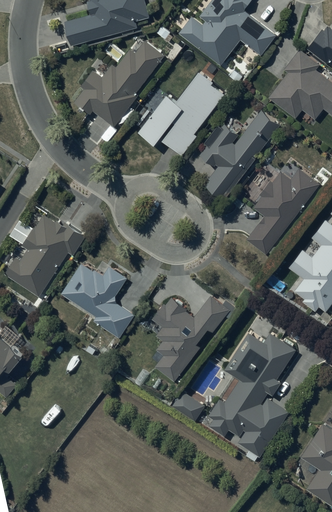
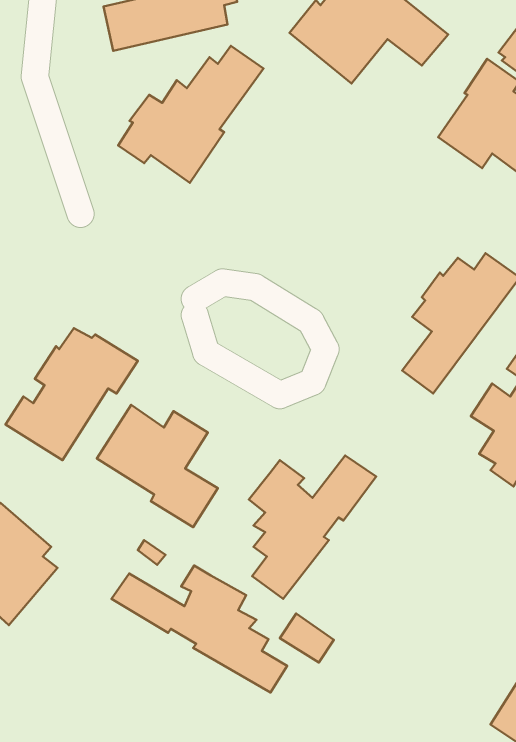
building: [137,70,224,156] -> none
building: [200,110,281,201] -> none
building: [208,332,295,462] -> none
building: none -> [112,565,287,693]

